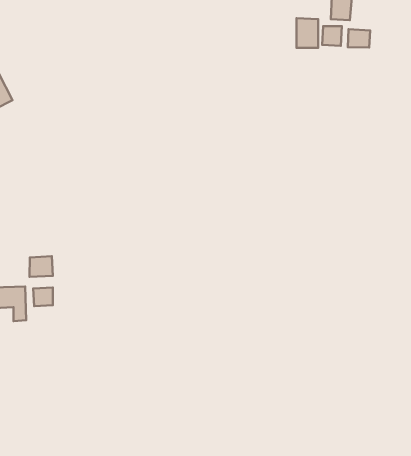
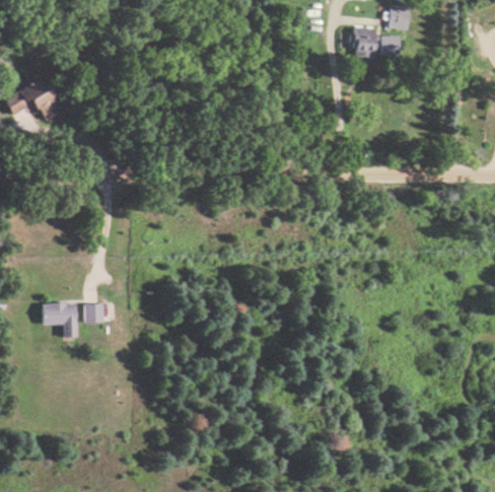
building: [348,29,370,48] -> none
building: [30,256,53,277] -> none

